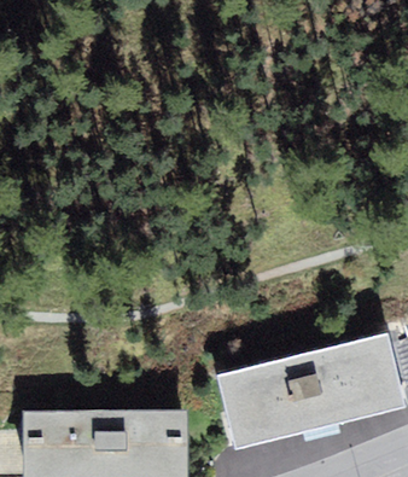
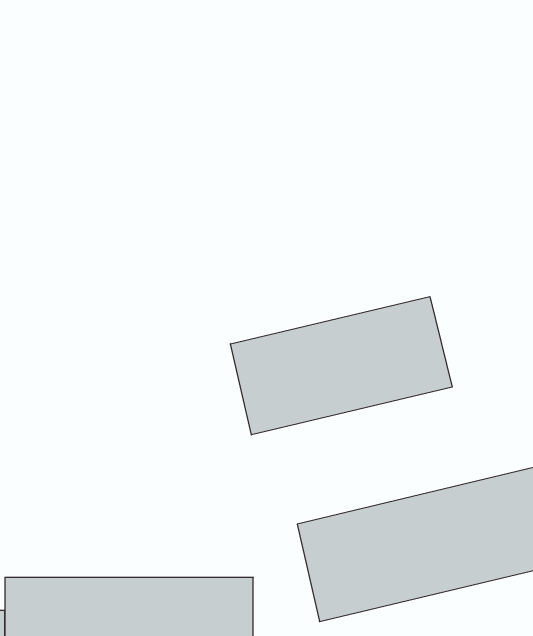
building: none -> [230,297,452,435]

